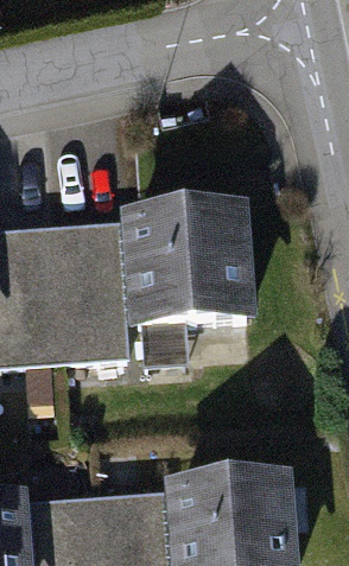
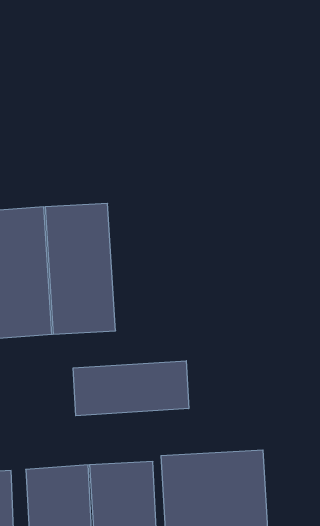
building: [137,214,250,318] -> none
building: none -> [73,361,189,416]

